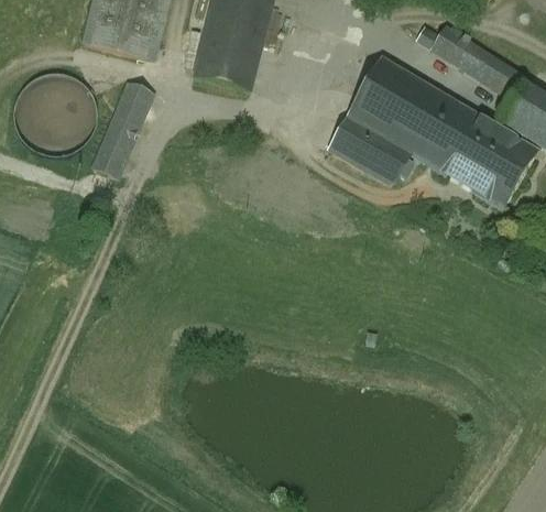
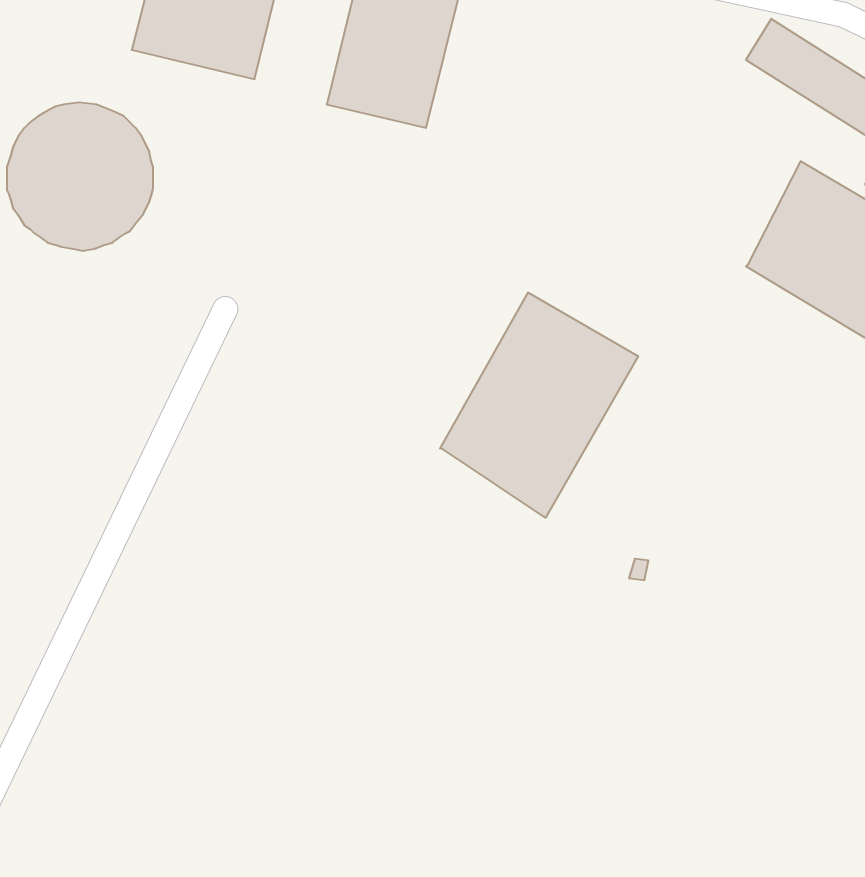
building: [329,56,462,182] -> none
building: [94,80,153,175] -> none
building: none -> [440,293,638,518]

